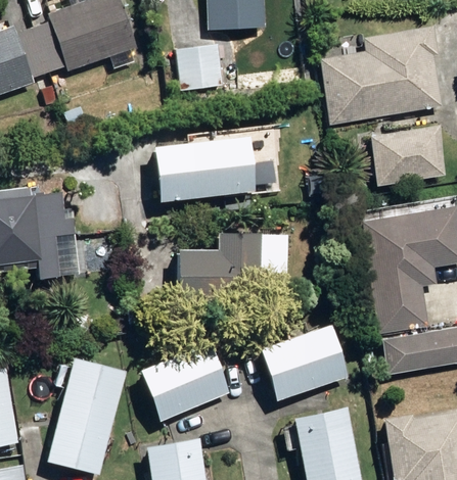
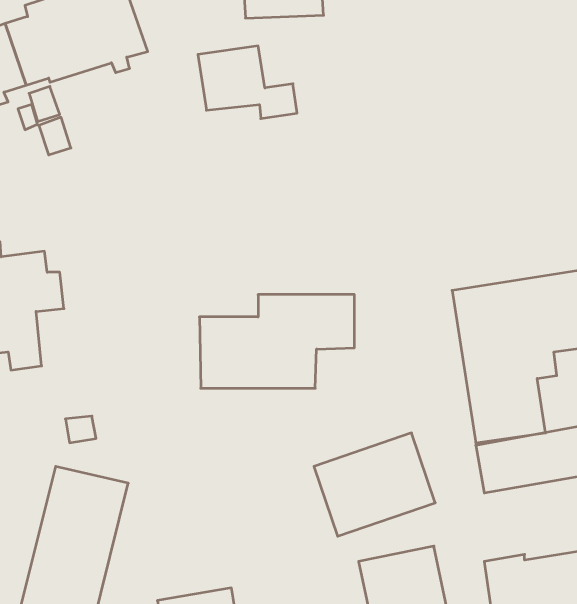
building: [318,26,440,122] -> none
building: [370,125,447,188] -> none
building: [151,134,256,204] -> none
building: [139,342,230,424] -> none

